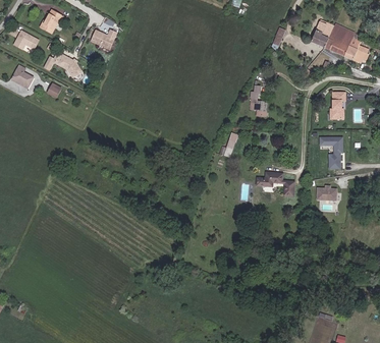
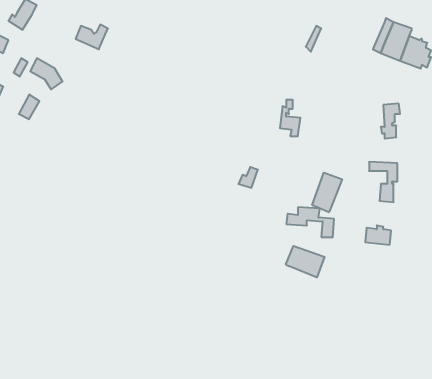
building: [311,20,334,48] -> none
building: none -> [312,173,342,212]
building: none -> [286,246,325,277]

